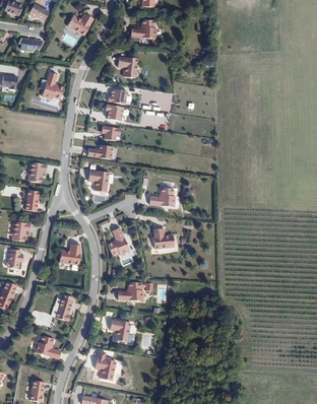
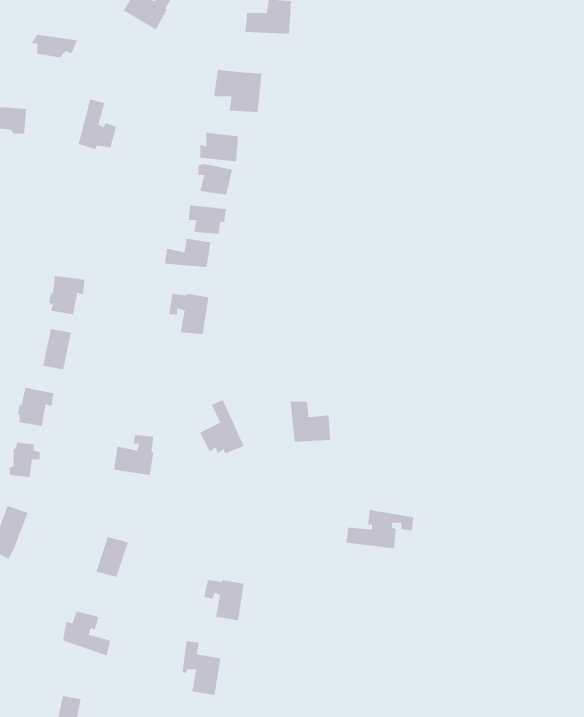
building: [149,188,176,208] -> none
building: [115,281,150,301] -> [346,509,414,549]

